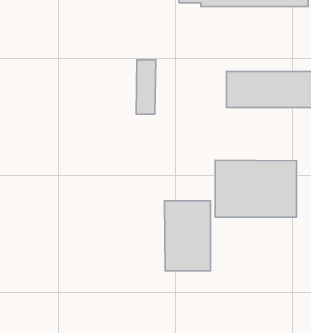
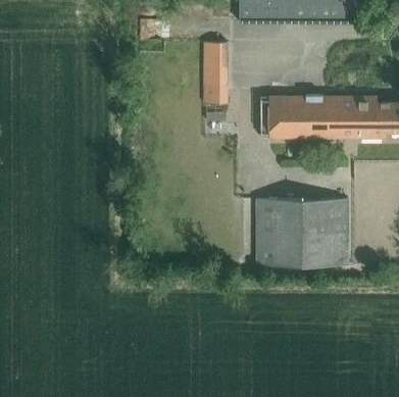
building: [136,60,156,114] -> [204,41,227,103]
building: [164,201,211,271] -> none

